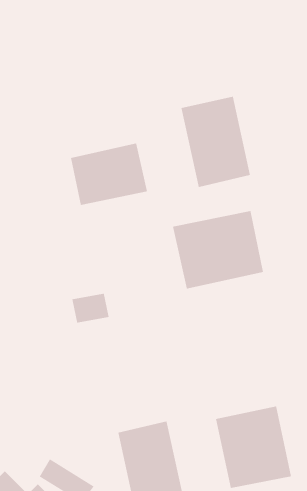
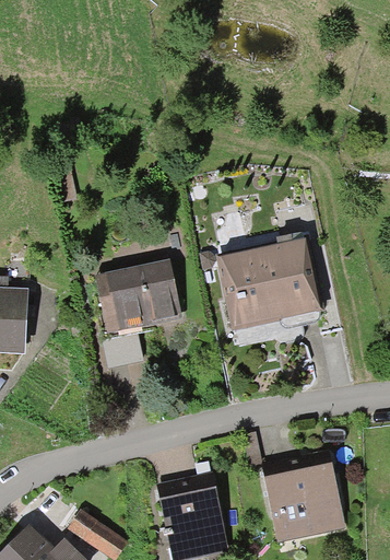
building: [181,96,250,188] -> none
building: [70,143,148,206] -> [97,258,182,327]

